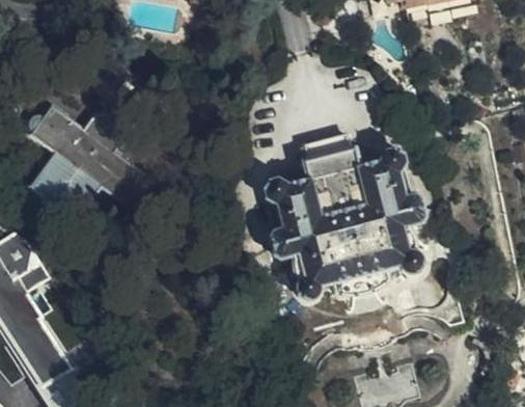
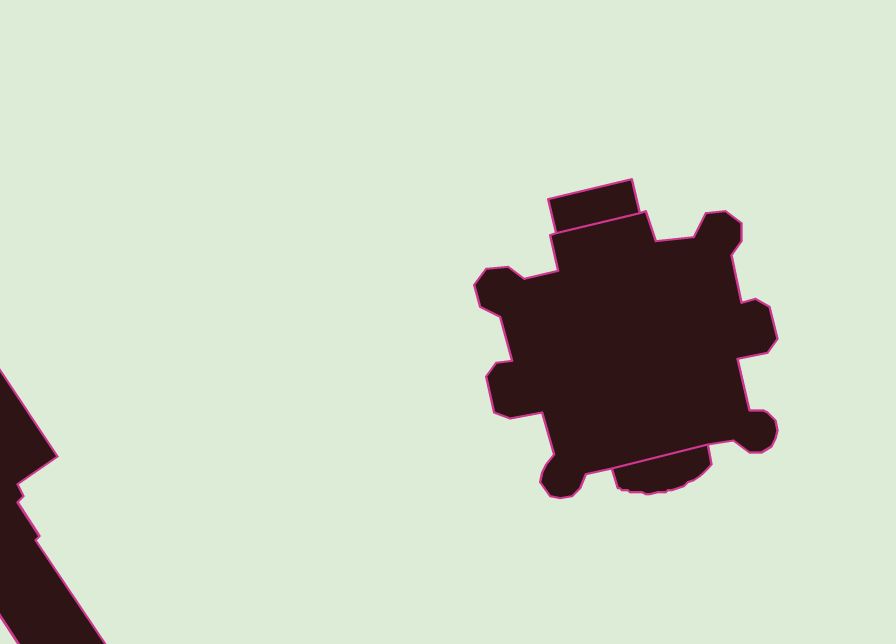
building: [25,104,142,215] -> none

